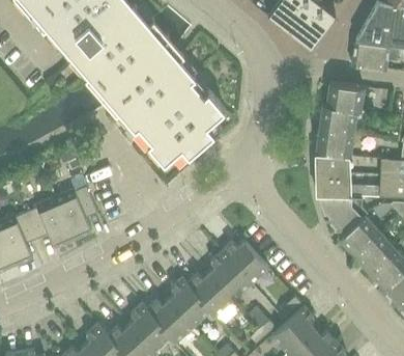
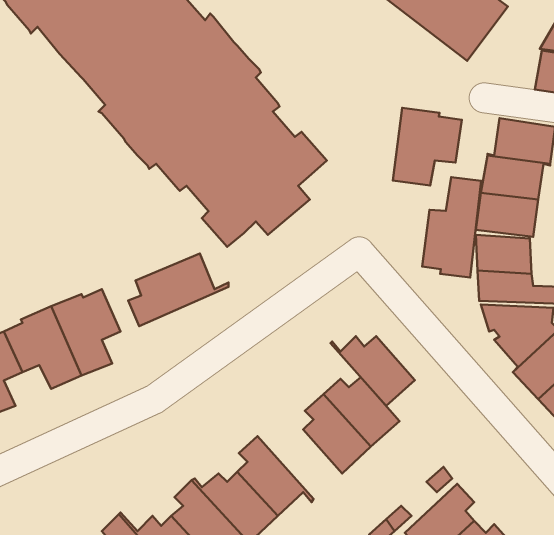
building: none -> [393,108,462,186]
building: none -> [422,177,481,277]
building: none -> [128,253,229,326]
building: [181,273,233,316] -> [330,336,415,406]

